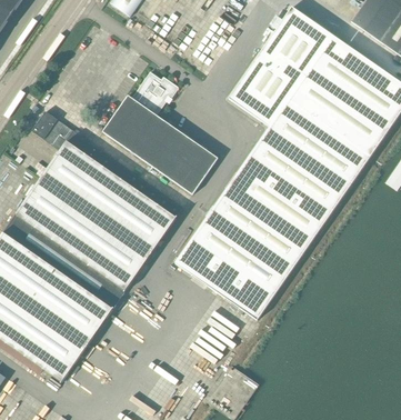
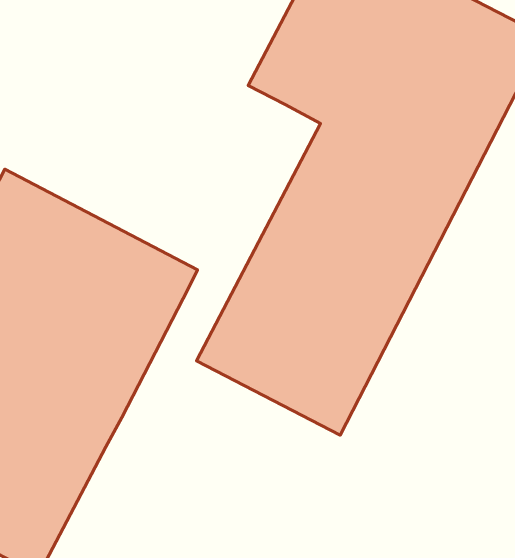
building: [102,70,218,193] -> none

